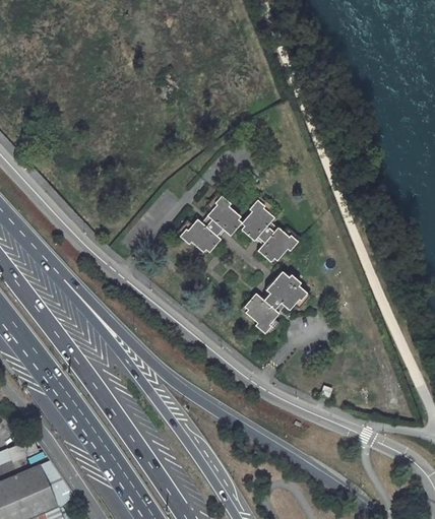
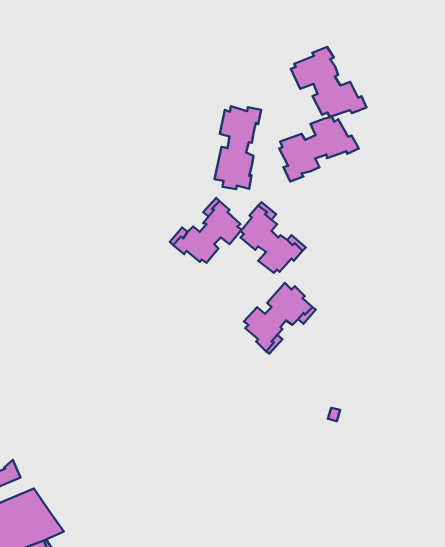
building: none -> [279,47,367,181]
building: none -> [214,106,261,189]

